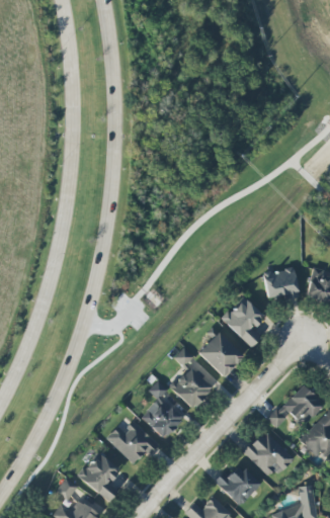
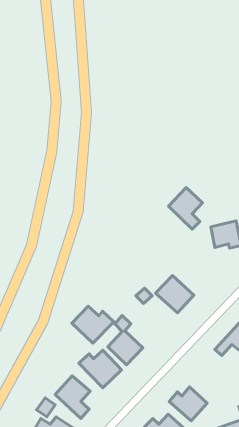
building: [224,297,264,347] -> [168,187,202,229]
building: [172,367,213,408] -> none
building: none -> [72,306,114,343]
building: [245,430,294,479] -> none

